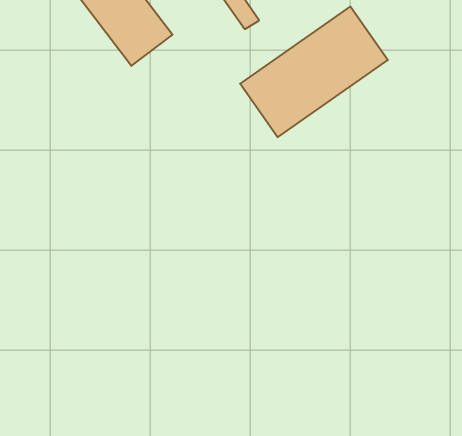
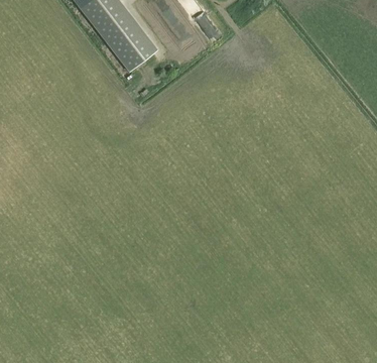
building: [240,6,388,137] -> none

